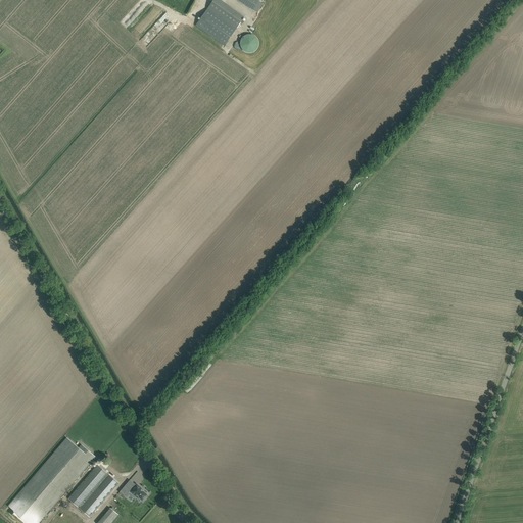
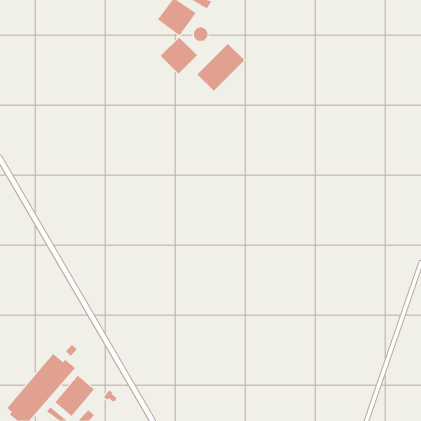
building: none -> [160,37,198,74]
building: none -> [197,43,245,91]

